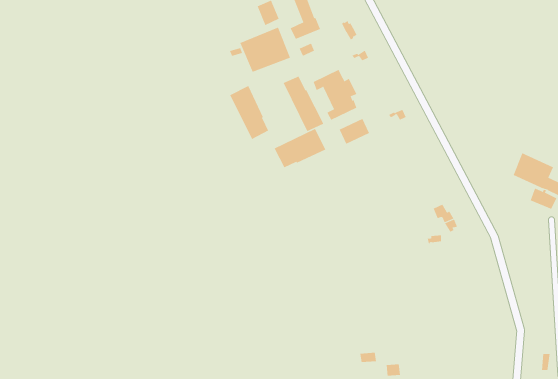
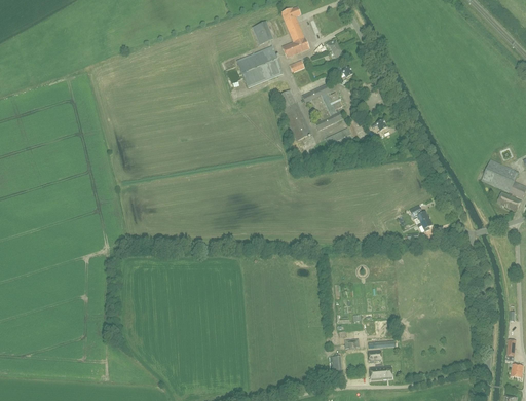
building: [230,85,269,140] -> none
building: [274,128,326,168] -> none

